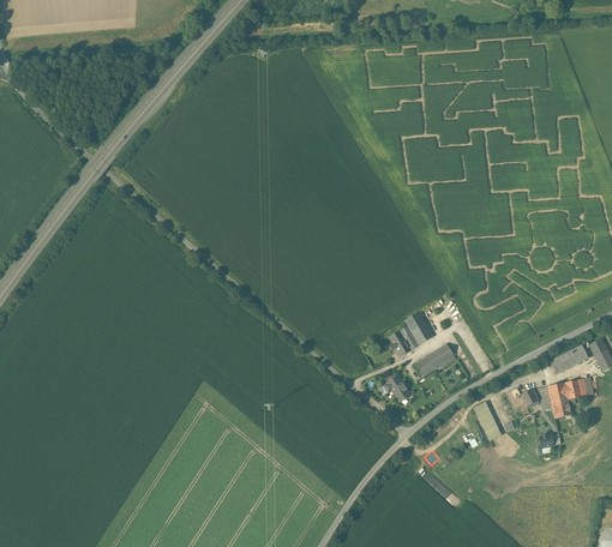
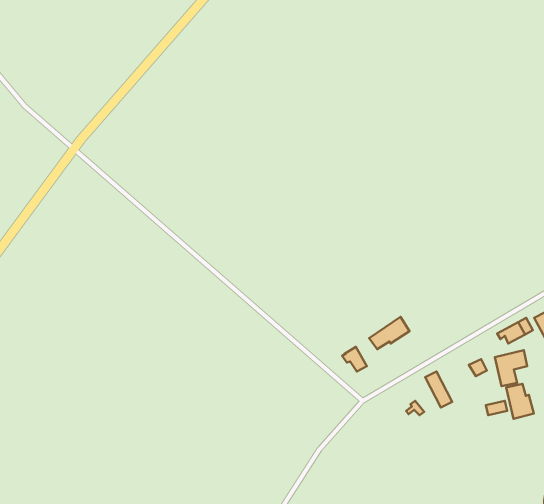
building: [390,312,433,355] -> none
building: none -> [506,384,534,419]

